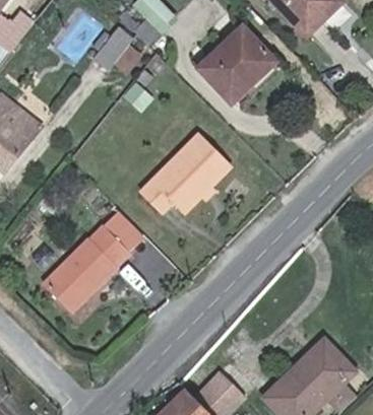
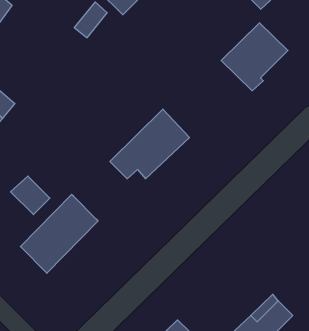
building: [204,21,278,96] -> [221,23,288,91]
building: [102,215,145,258] -> [11,176,50,215]

